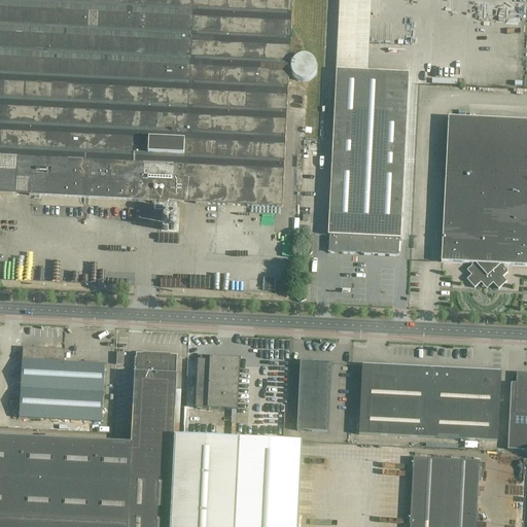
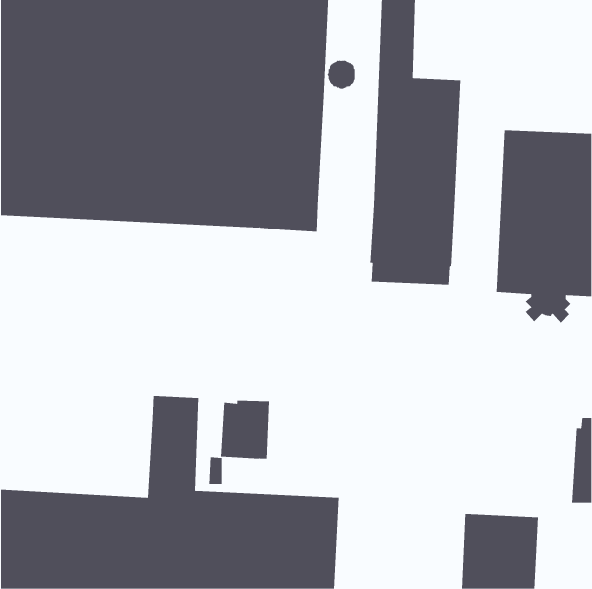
building: [20,345,105,420] -> none
building: [297,359,331,429] -> none
building: [359,362,501,438] -> none

